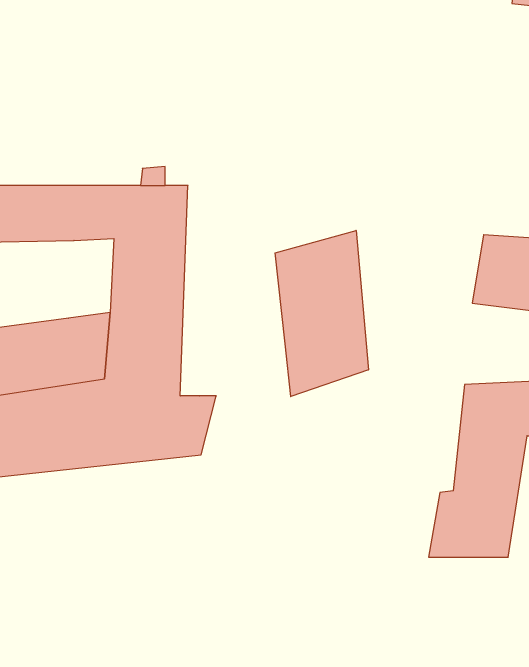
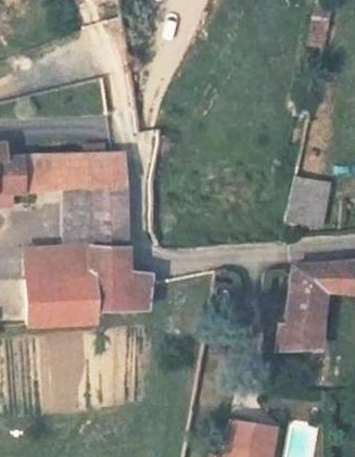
building: [275,230,368,397] -> none
building: none -> [66,182,92,228]

